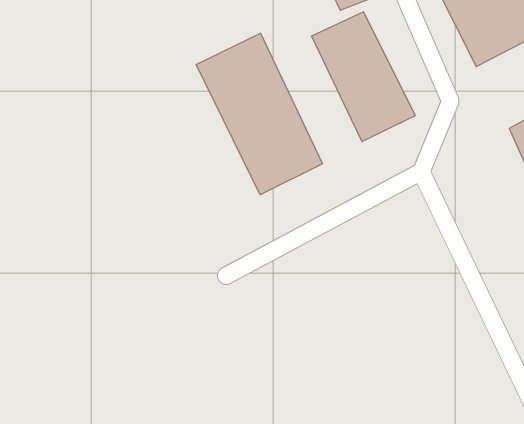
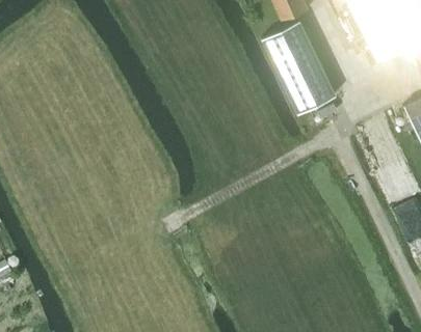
building: [196,33,322,195] -> none

